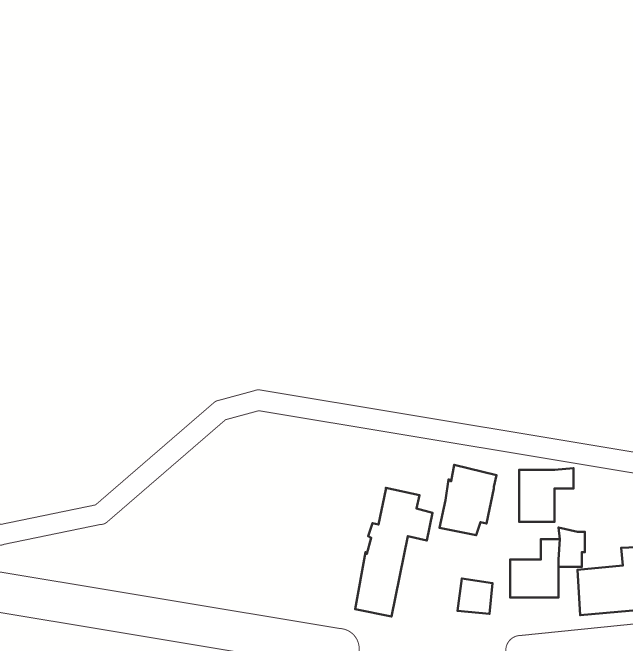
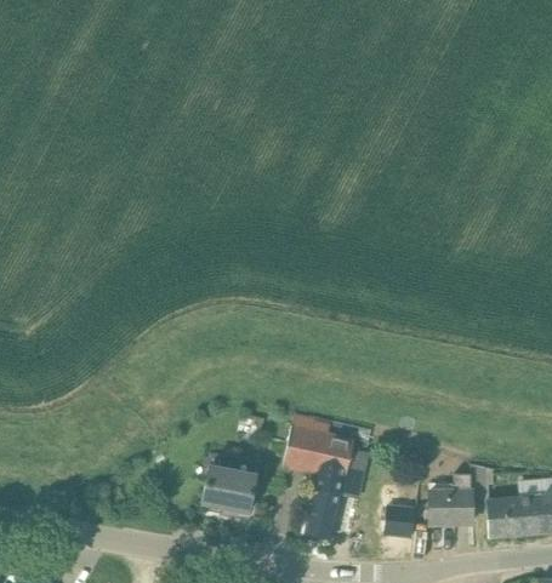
building: [440,465,497,535] -> [283,415,330,473]
building: [519,468,574,522] -> none
building: none -> [201,456,256,513]

